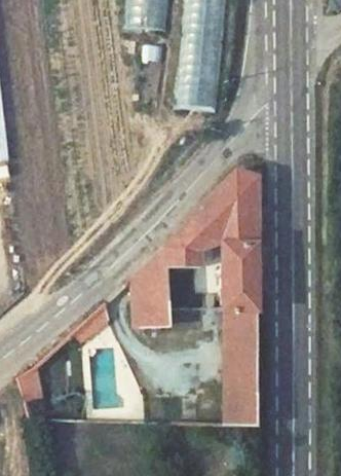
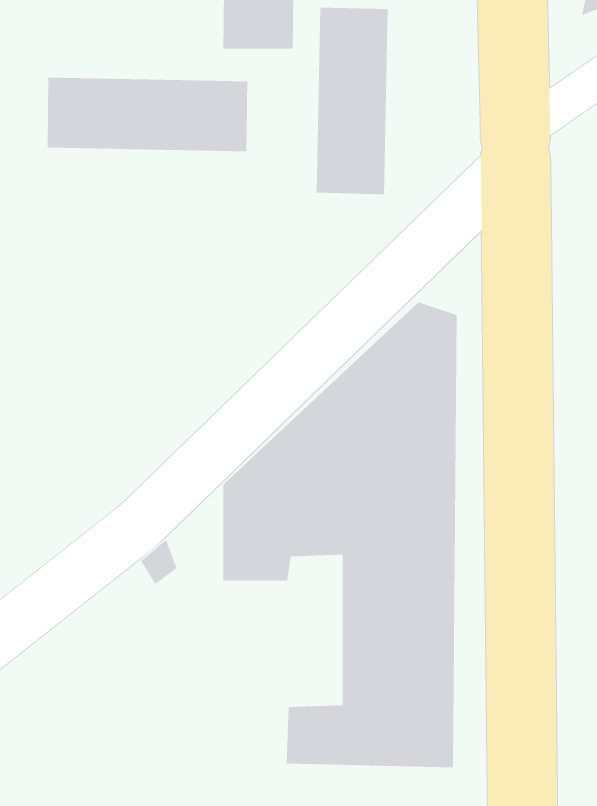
building: none -> [47,77,248,152]

